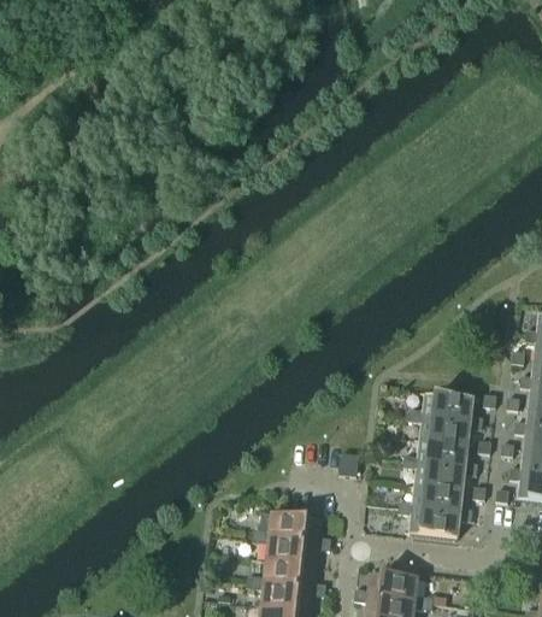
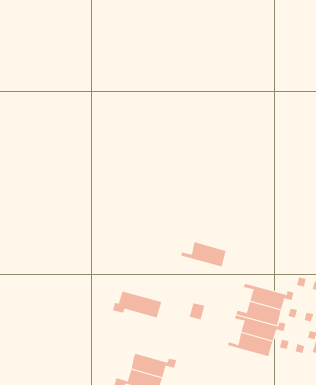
building: [410,392,473,422] -> [180,242,227,267]
building: [397,506,472,537] -> none
building: [252,511,320,542] -> [112,291,162,318]

